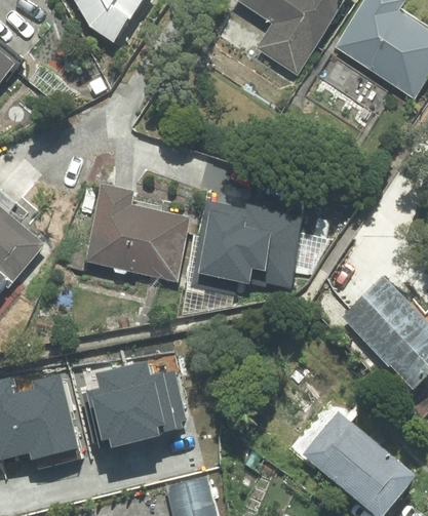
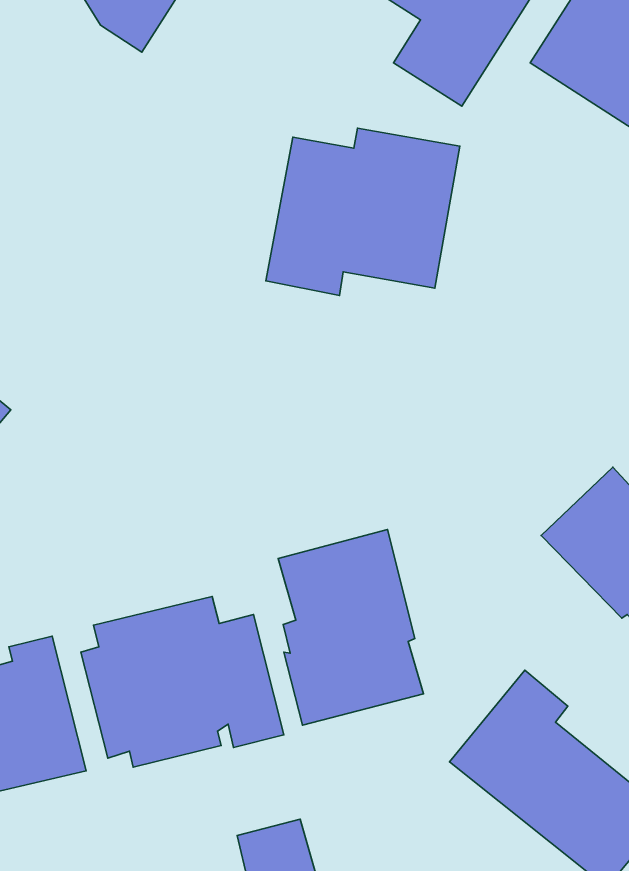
building: [87,185,188,278] -> none
building: [193,198,304,293] -> [266,128,460,295]
building: none -> [278,530,423,725]

